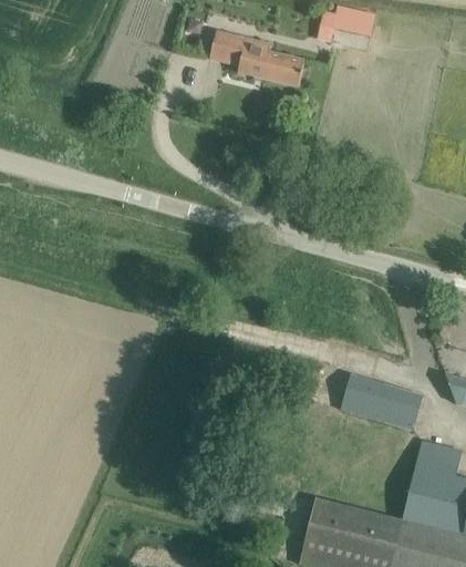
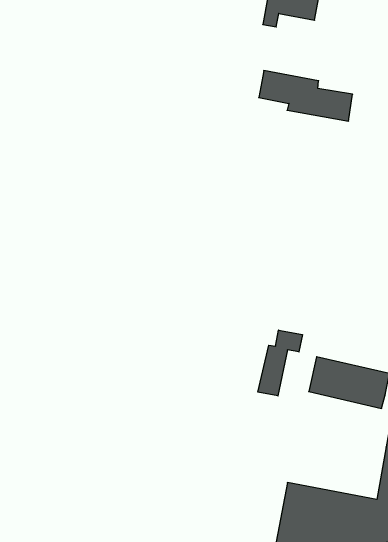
building: [210,32,304,87] -> [259,71,353,121]
building: none -> [258,330,302,396]

